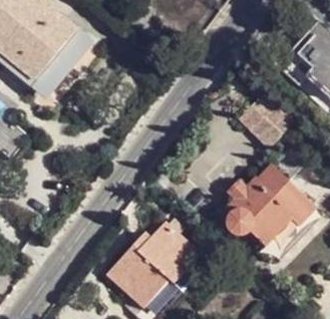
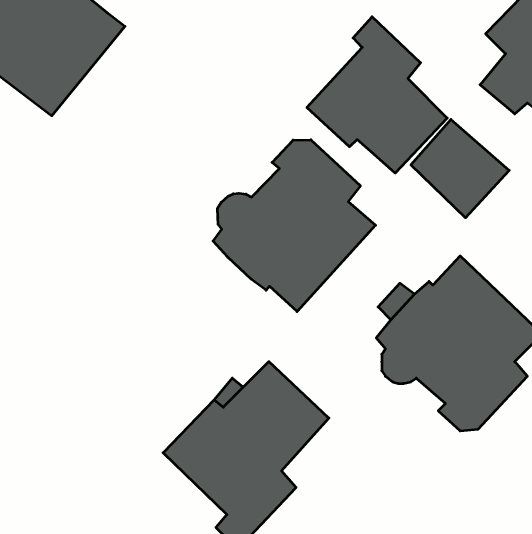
building: none -> [307,17,447,173]
building: none -> [213,140,376,312]

